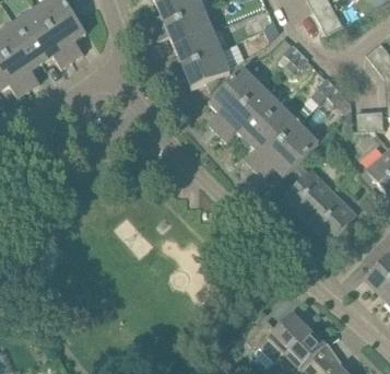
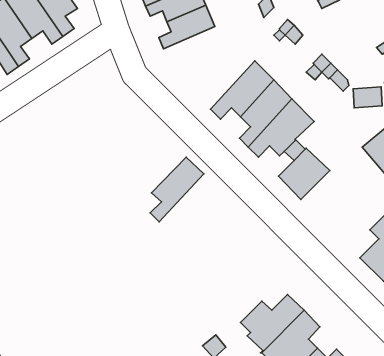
building: [170,50,229,87] -> none
building: [208,68,260,131] -> [150,157,204,222]
building: [305,191,356,243] -> none

